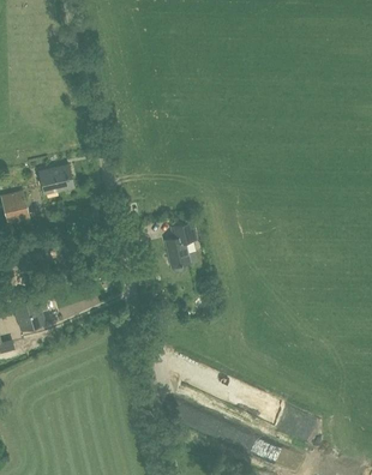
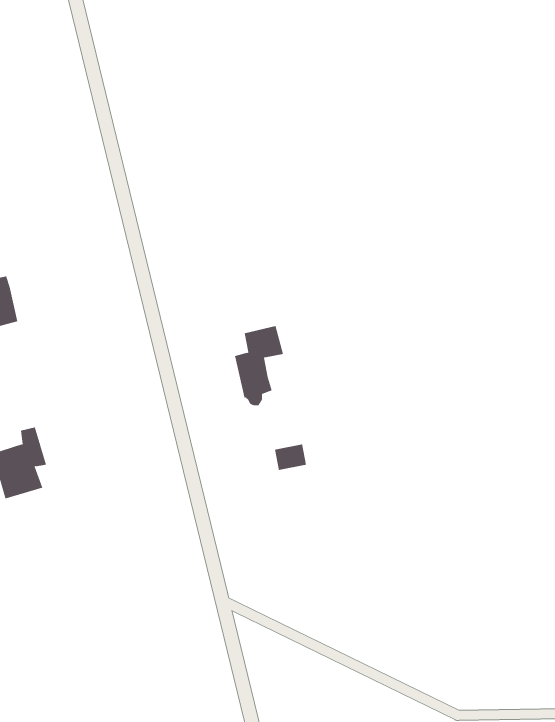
building: [38,163,74,194] -> none

